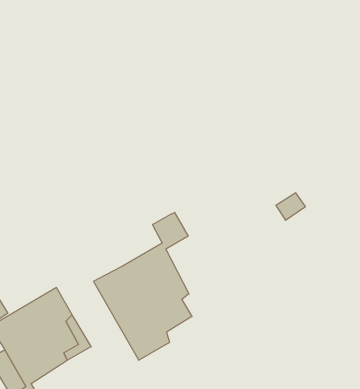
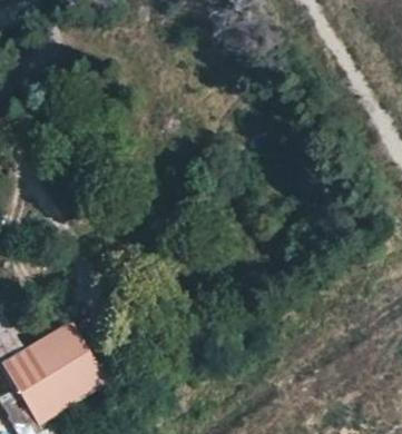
building: [94,212,192,360] -> none

